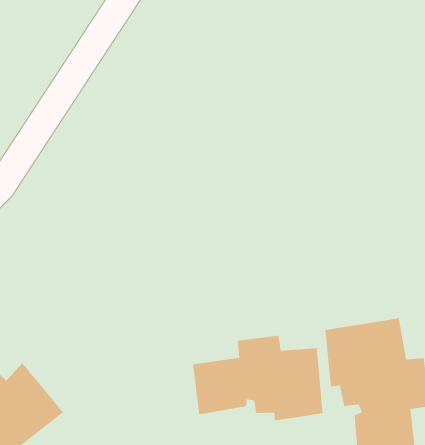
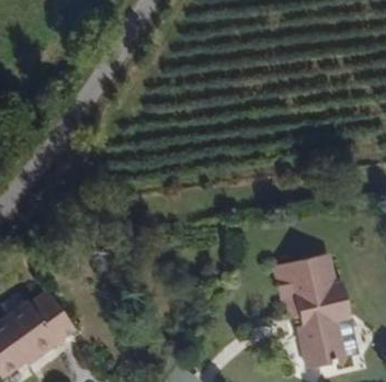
building: [192,335,323,421] -> none

